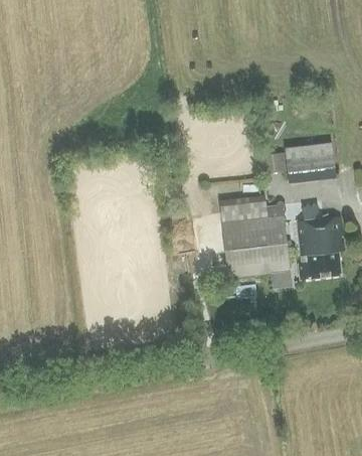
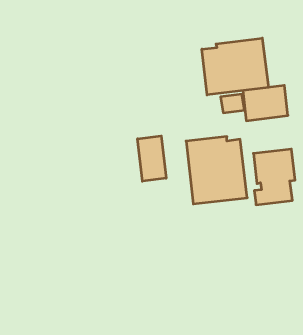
building: none -> [202,38,268,95]
building: none -> [138,136,166,181]

